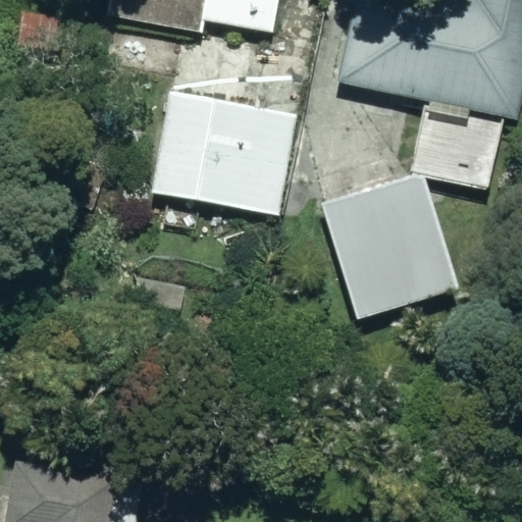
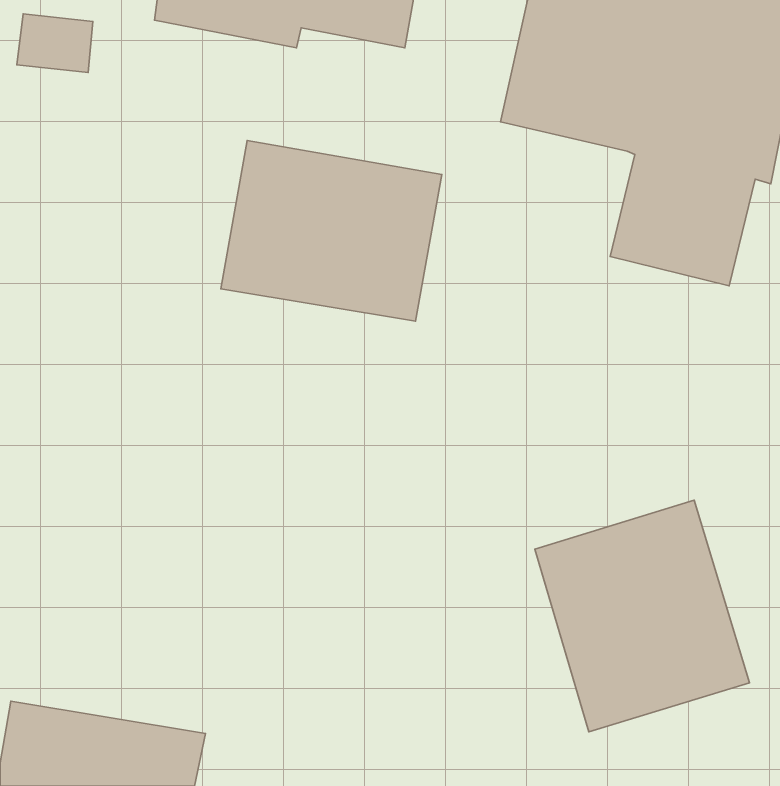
building: [320,174,458,321] -> none
building: none -> [535,500,750,732]

